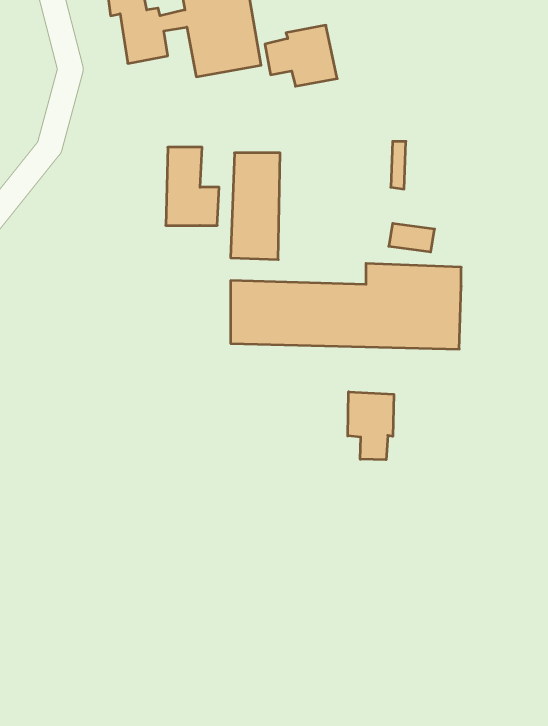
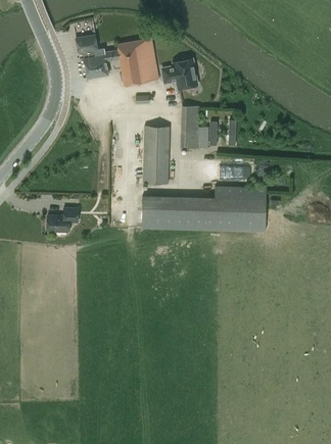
building: [166,147,219,225] -> [180,106,208,148]
building: none -> [47,208,78,232]
building: [348,392,394,460] -> none

